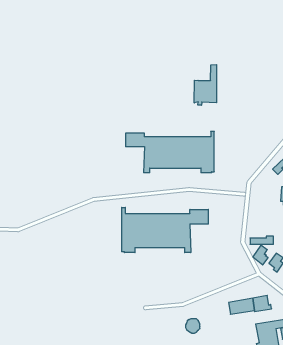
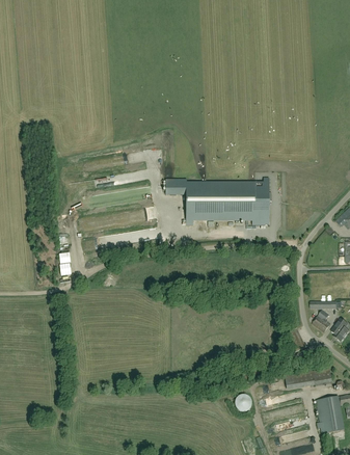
building: [194,65,216,105] -> none
building: [122,207,208,253] -> none

